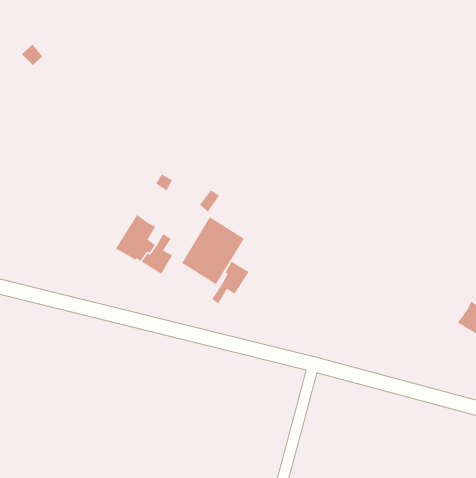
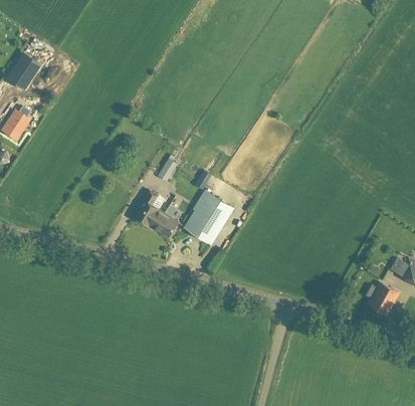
building: [211,261,249,304] -> none
building: none -> [364,281,398,315]

